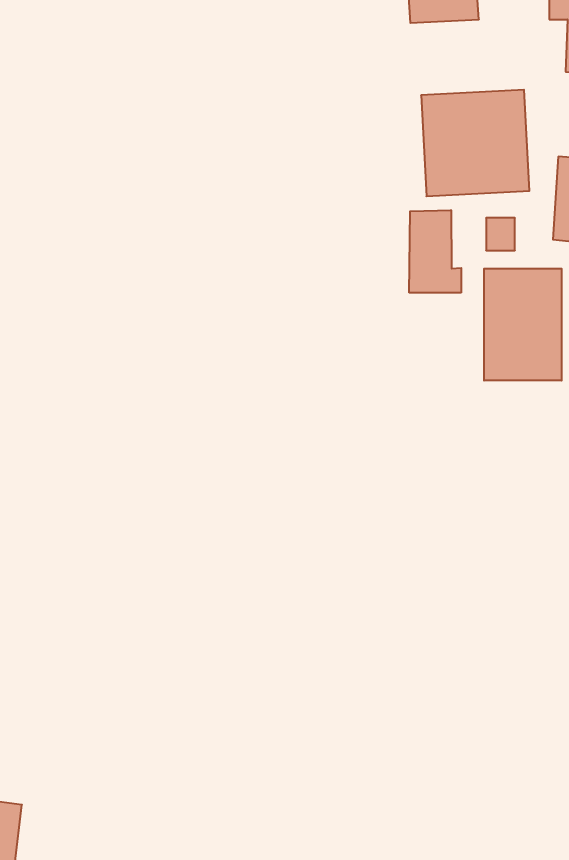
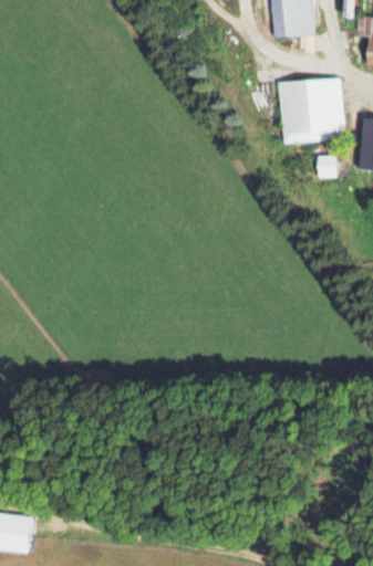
building: [409,210,461,293] -> none
building: [484,269,562,381] -> none

